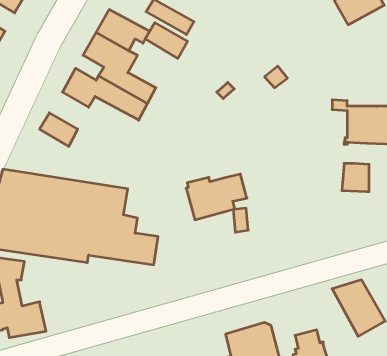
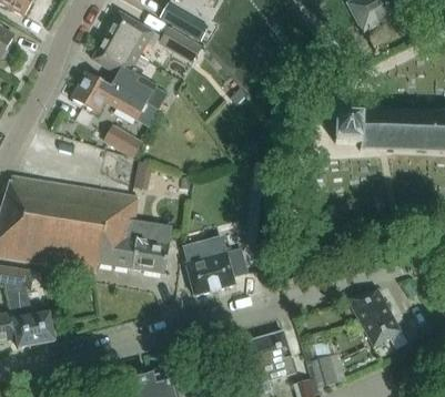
building: [40,113,78,146] -> [101,123,140,157]
building: [342,163,369,192] -> [335,114,363,143]
building: [186,174,247,220] -> [185,248,247,295]

